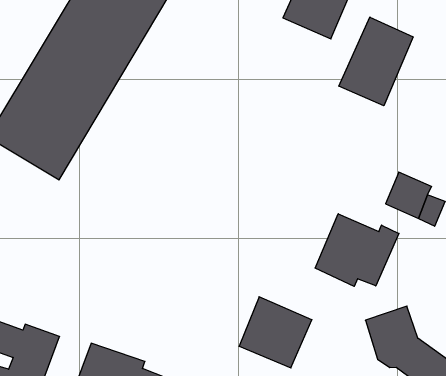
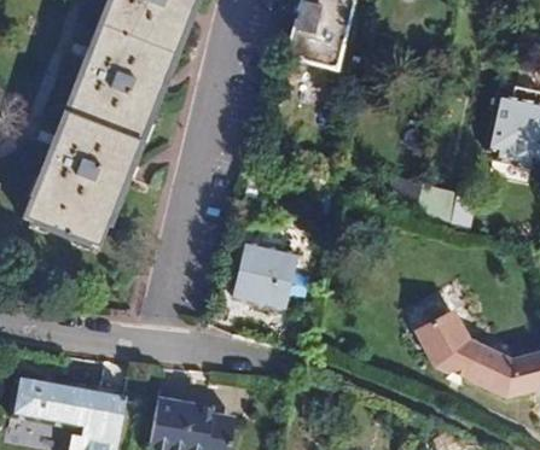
building: [339,17,413,106] -> none
building: [315,214,399,286] -> none
building: [239,297,312,368] -> [232,242,297,305]

